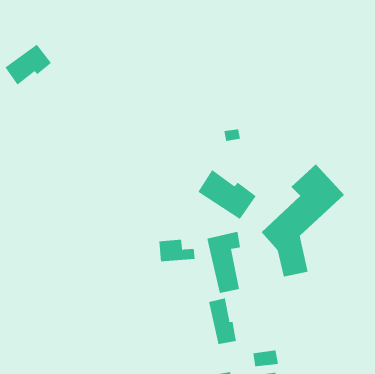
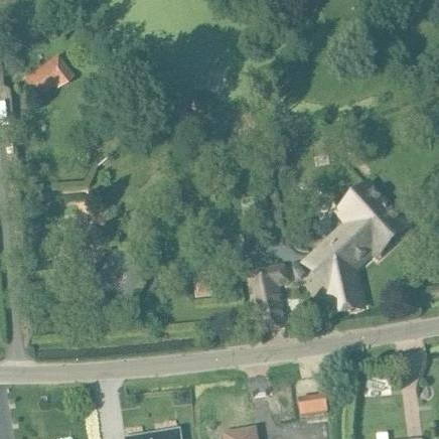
building: [198,169,257,220] -> none
building: [209,298,236,345] -> none

